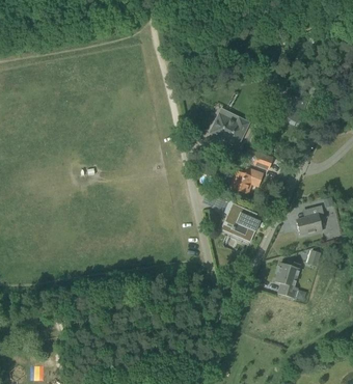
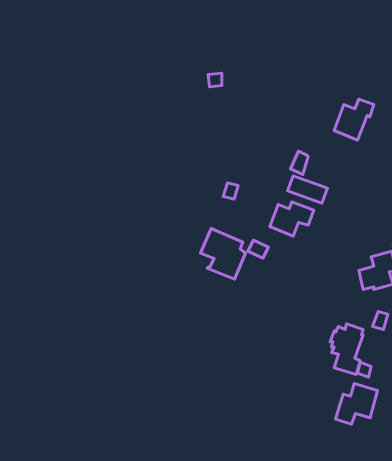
building: [209,113,248,153] -> none
building: [223,202,257,241] -> [200,228,246,279]
building: none -> [336,384,378,424]

